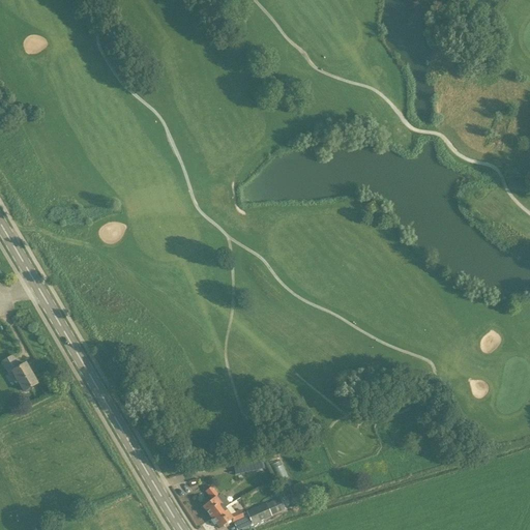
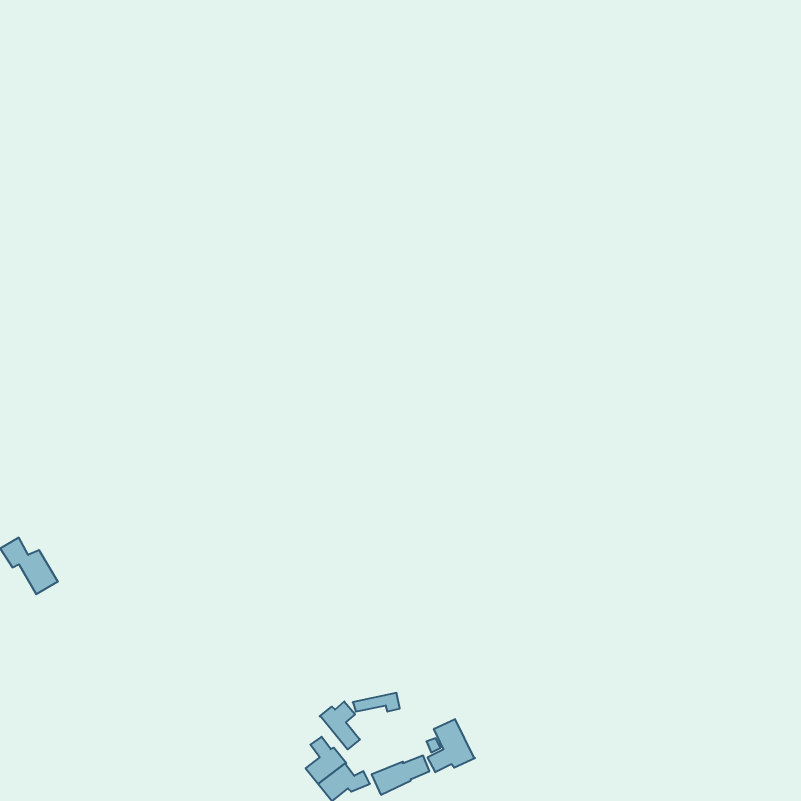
building: none -> [320,701,360,749]
building: none -> [428,719,475,772]

